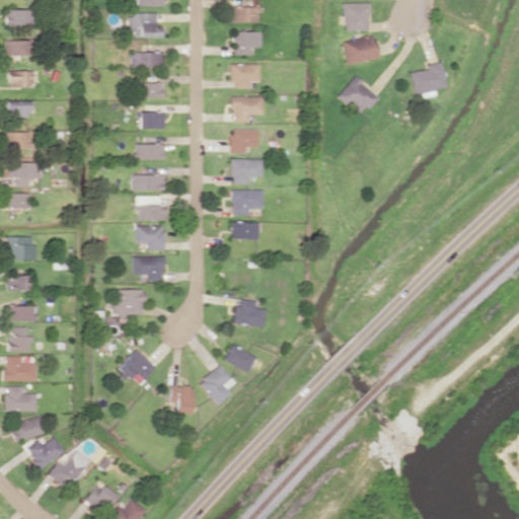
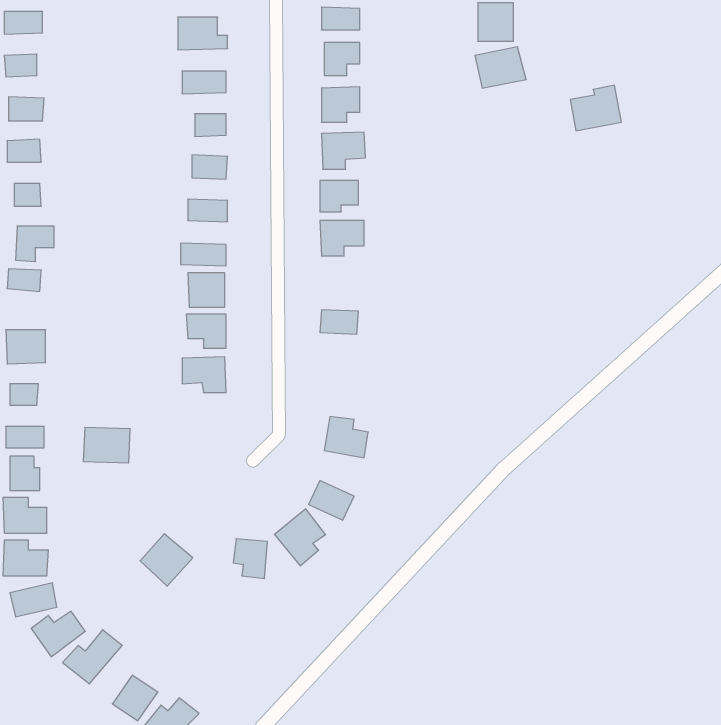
building: [339,77,378,115] -> none
building: [233,190,264,215] -> none
building: [113,289,146,314] -> [83,427,130,463]
building: [120,349,157,386] -> [140,534,193,586]

